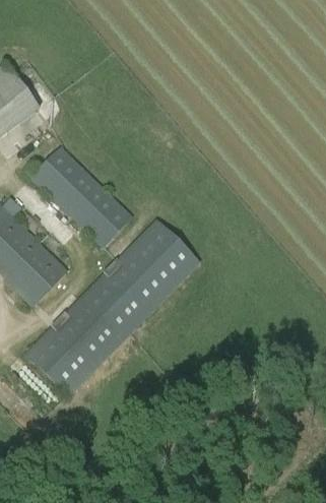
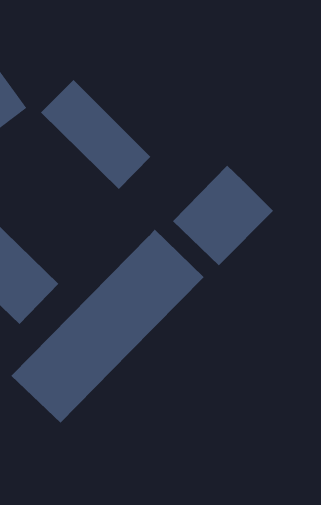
building: [31,146,133,248] -> [40,79,151,190]
building: none -> [172,165,274,266]

